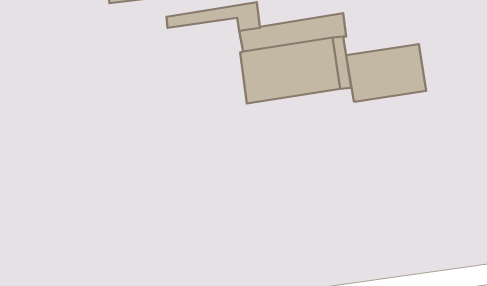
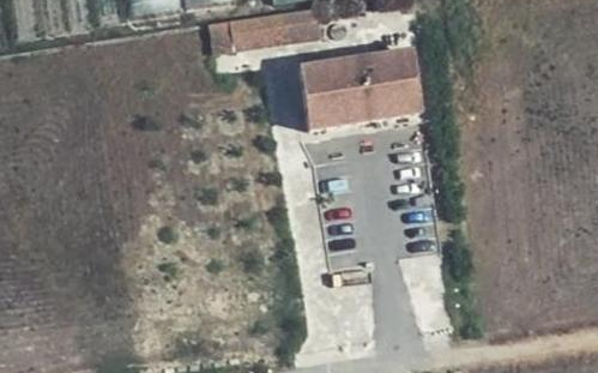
building: [346,44,426,102] -> none

